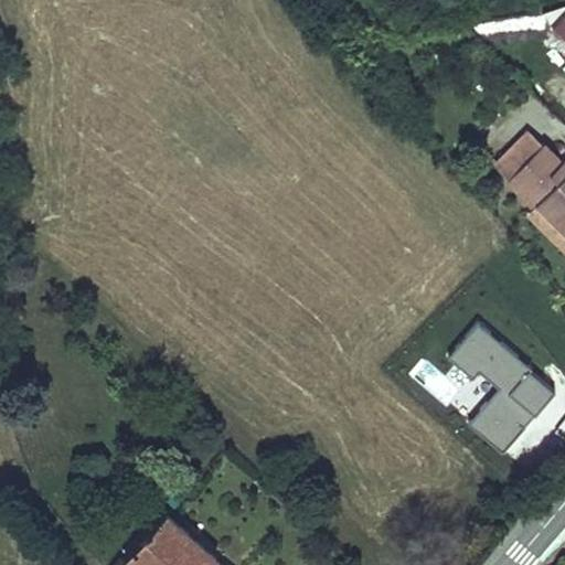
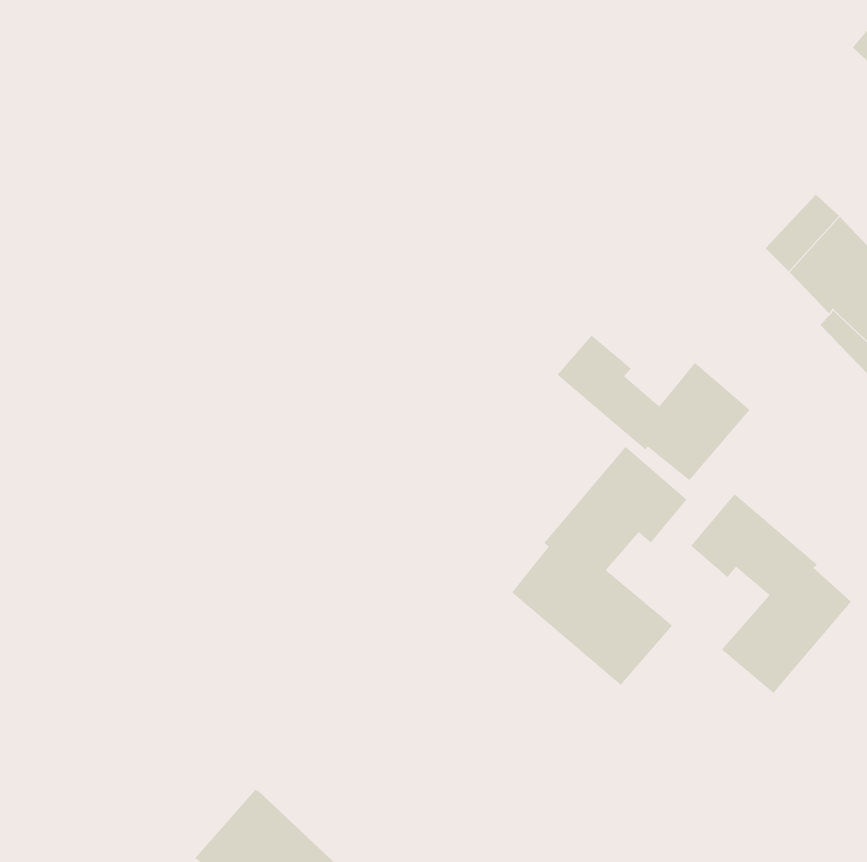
building: none -> [556,334,750,481]
building: none -> [511,446,688,686]

